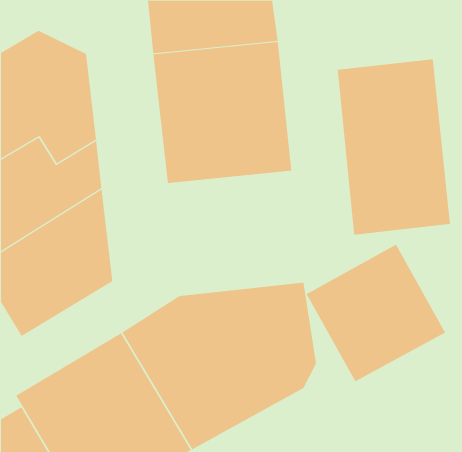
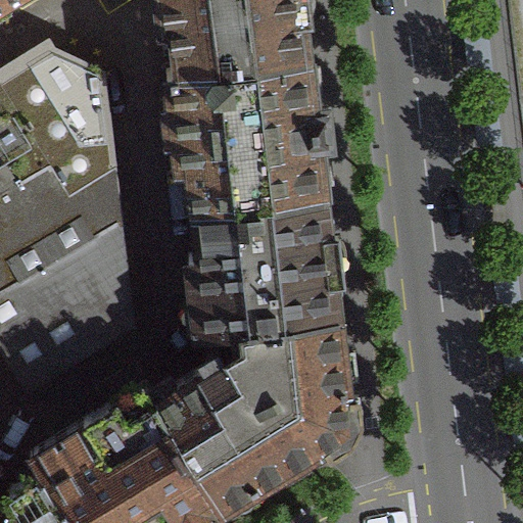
building: [337,58,451,235] -> none
building: none -> [192,207,345,347]
building: [306,244,446,382] -> none

